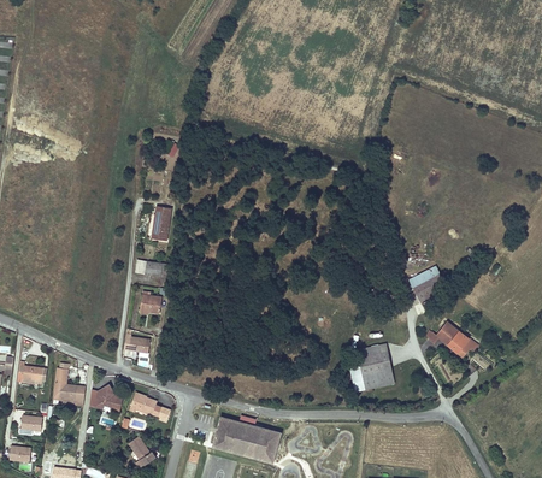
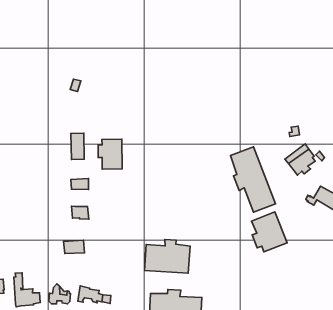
building: none -> [98,139,122,169]
building: none -> [231,147,276,212]
building: none -> [145,239,190,273]

